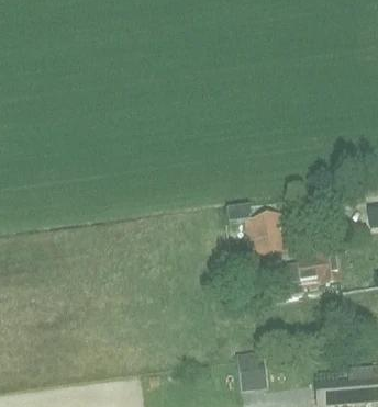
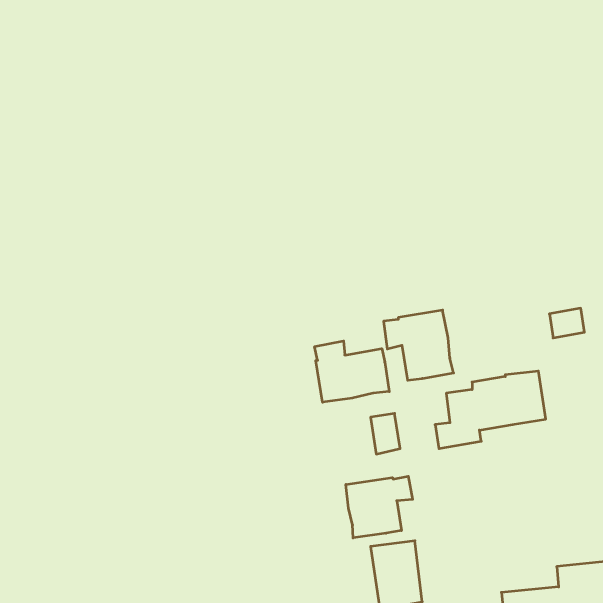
building: none -> [315,341,389,402]
building: none -> [346,476,413,538]

